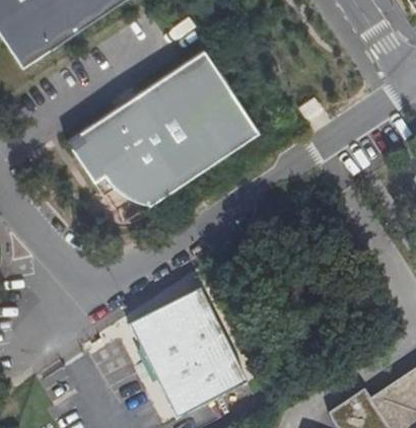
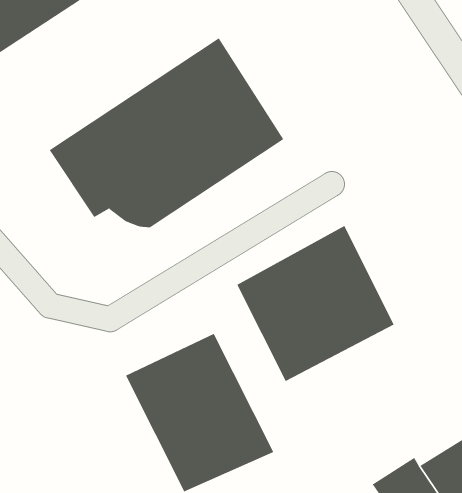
building: none -> [236,225,395,382]

